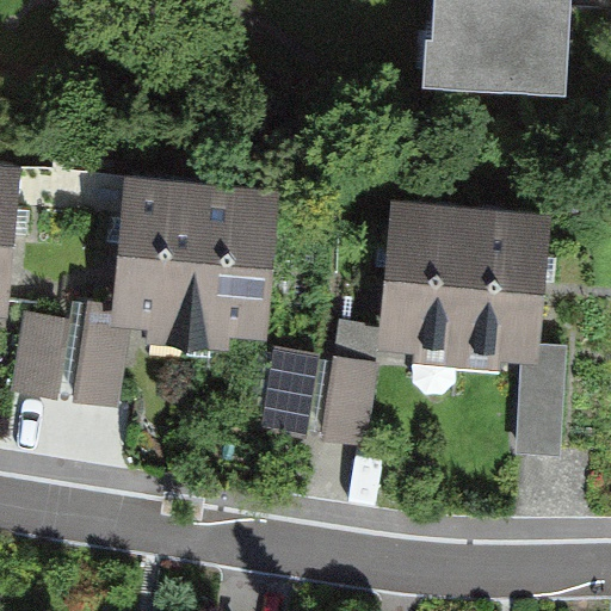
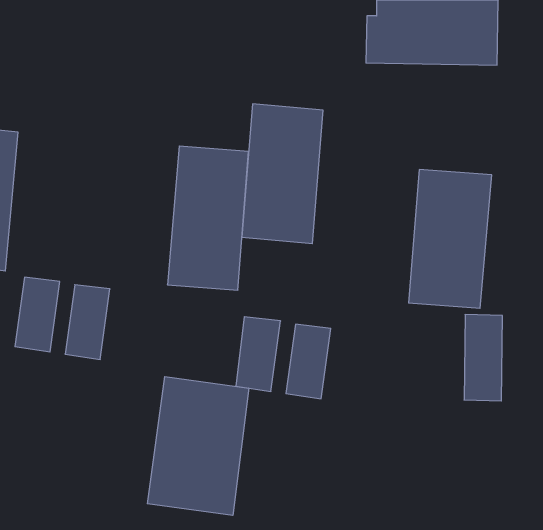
building: [112,174,200,335] -> none
building: [378,199,469,356] -> [242,104,323,244]
building: none -> [147,377,249,515]

